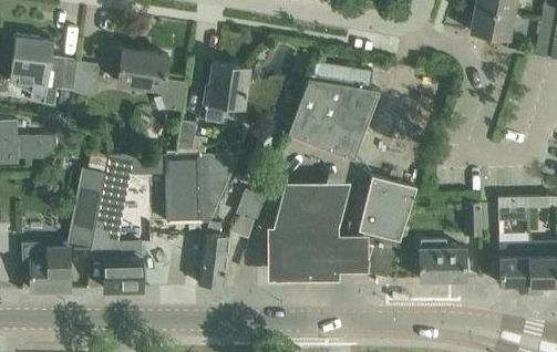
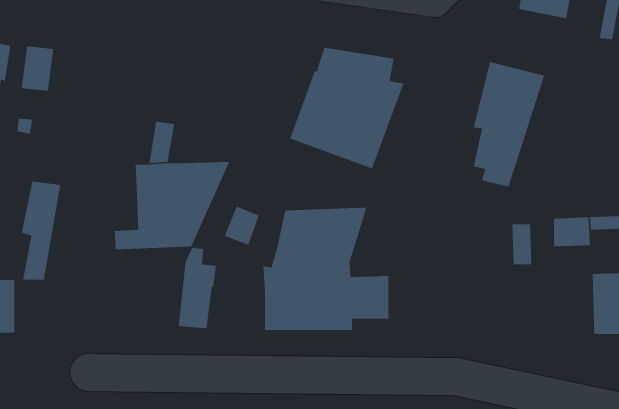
building: [110,46,187,110] -> none
building: [205,61,249,123] -> none
building: [91,154,142,288] -> none
building: [359,175,416,276] -> [473,61,545,188]
building: [420,238,465,279] -> none
building: [499,241,530,291] -> none

